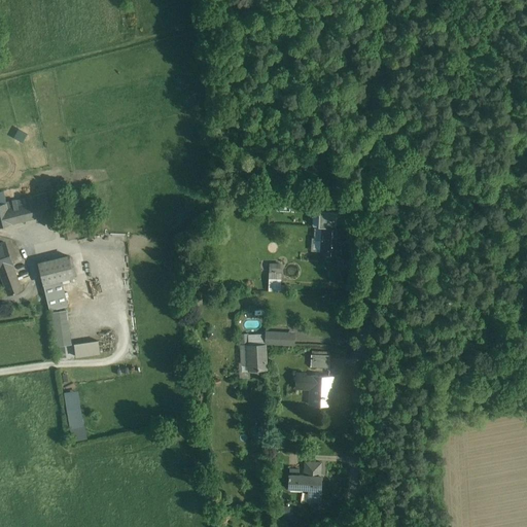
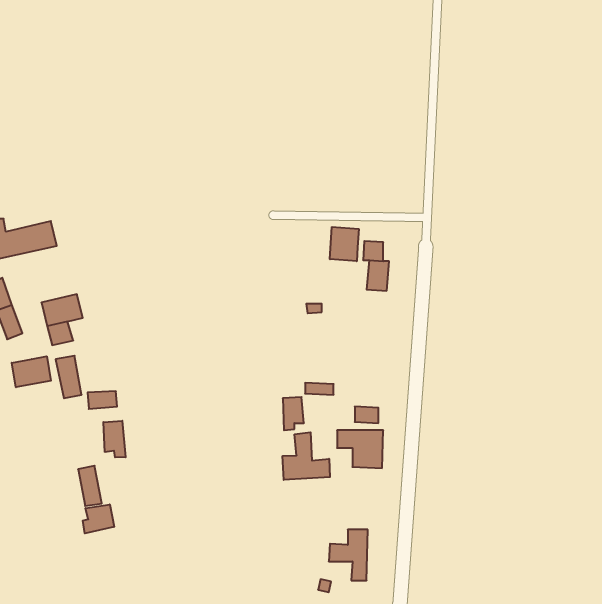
building: none -> [330,227,359,261]
building: none -> [12,356,51,387]
building: none -> [103,421,126,457]
building: none -> [283,432,330,480]
building: none -> [83,504,114,533]

